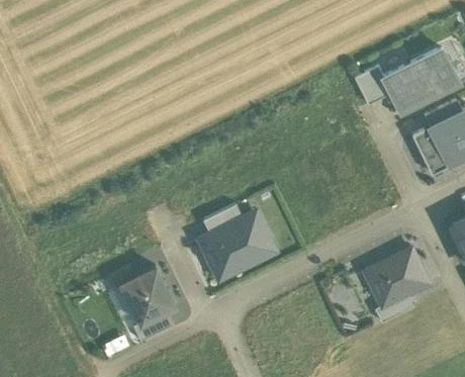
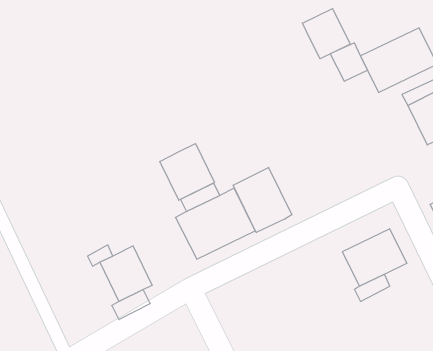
building: none -> [302,9,350,59]
building: [412,126,450,175] -> none
building: none -> [160,144,214,200]
building: none -> [233,167,292,233]

